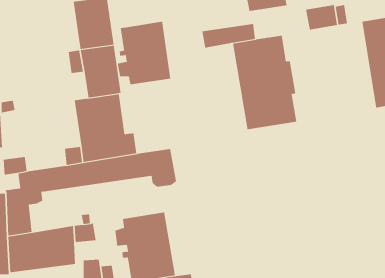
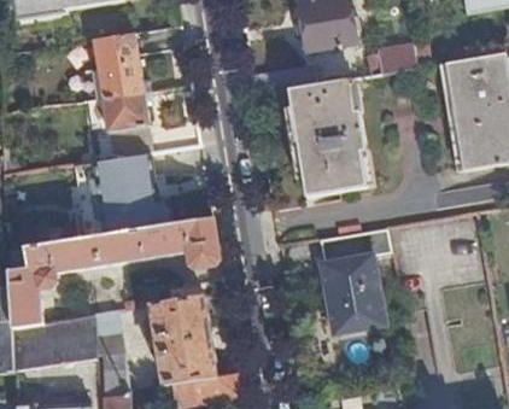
building: [117,21,171,85] -> none
building: none -> [317,227,391,333]

